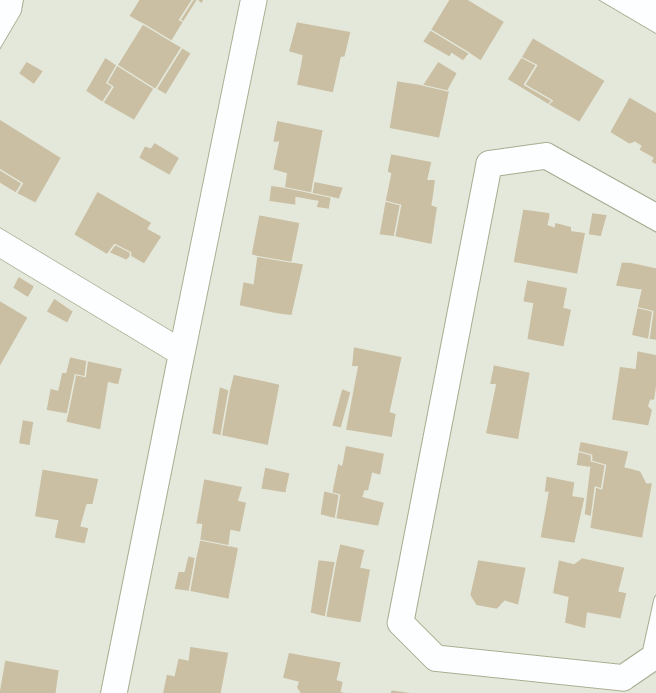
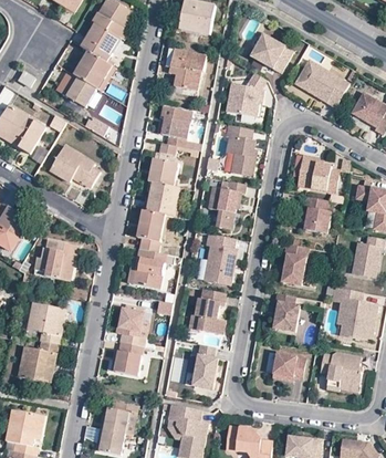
building: none -> [208,180,246,228]
building: none -> [138,210,165,252]
building: [540,476,585,543] -> [274,293,300,331]
building: none -> [19,341,58,382]

